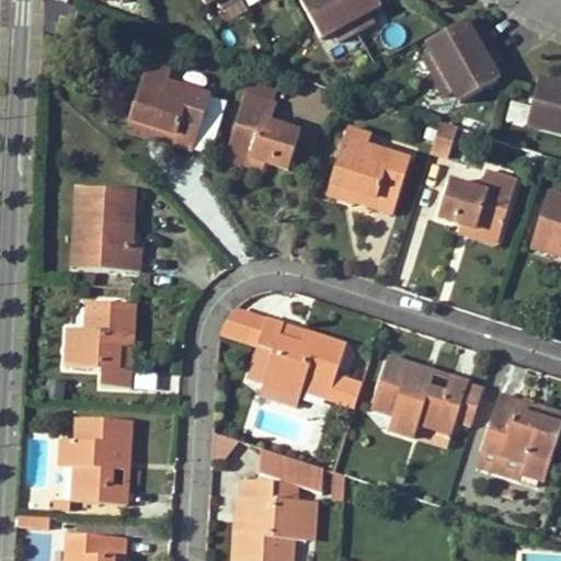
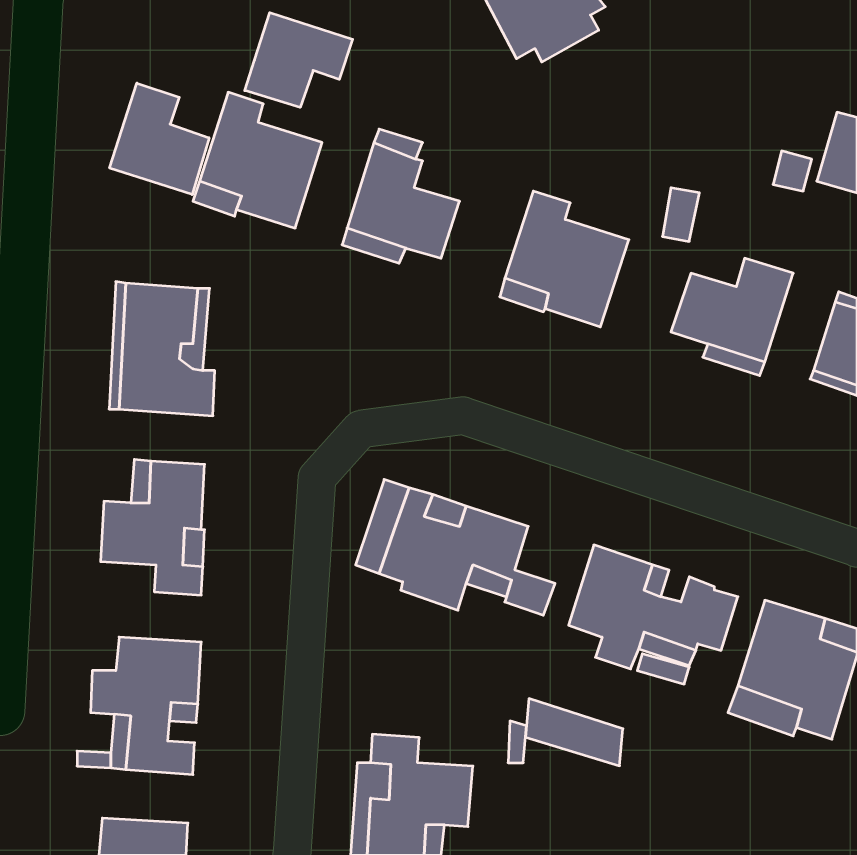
building: none -> [245,13,353,107]
building: [436,20,510,99] -> none
building: none -> [110,83,209,195]
building: [259,448,322,492] -> [526,699,623,766]

